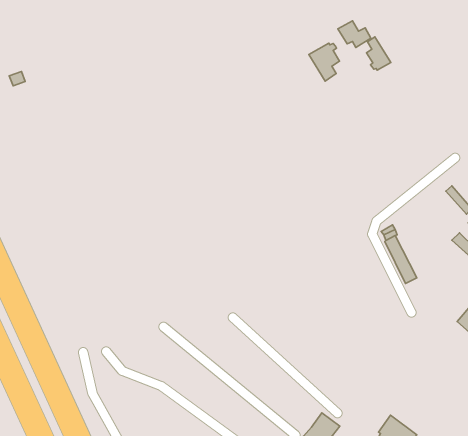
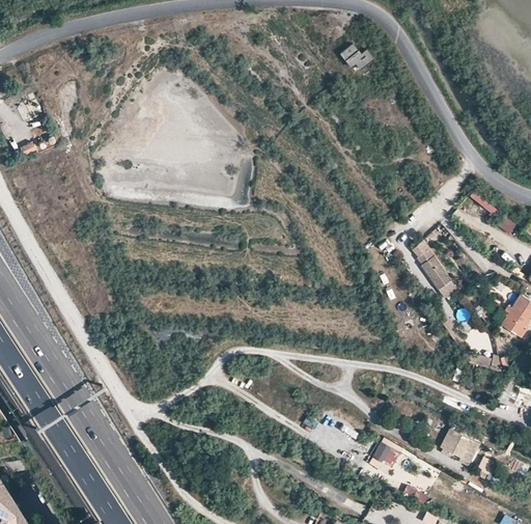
building: [367,37,391,70] -> none
building: [309,43,340,81] -> none

